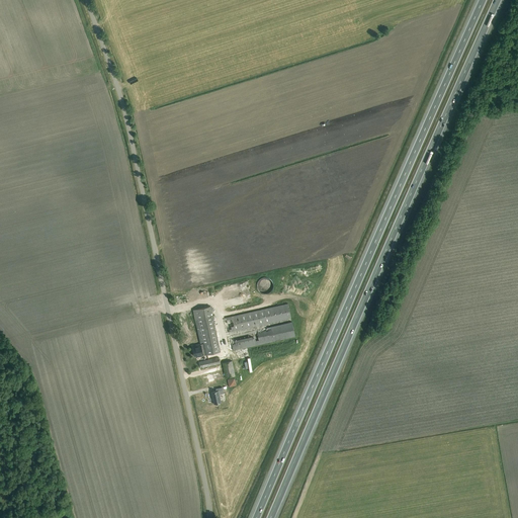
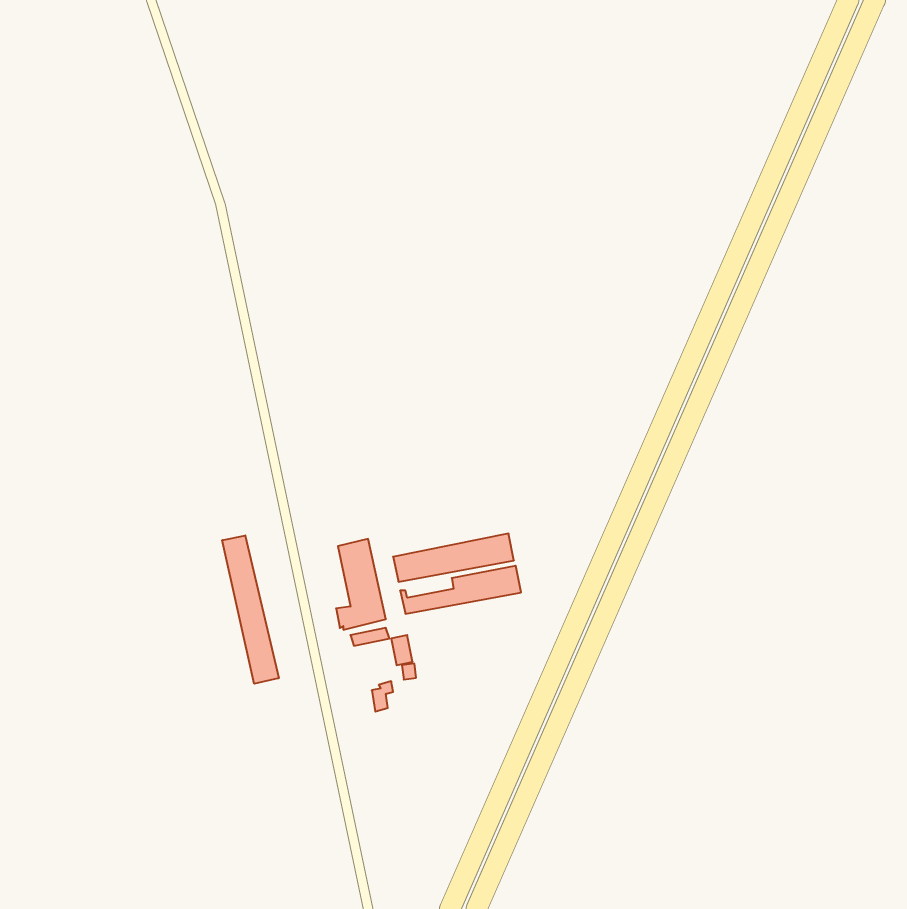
building: none -> [222,535,279,684]

